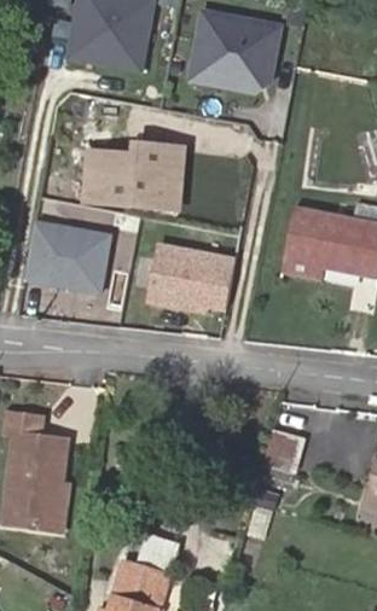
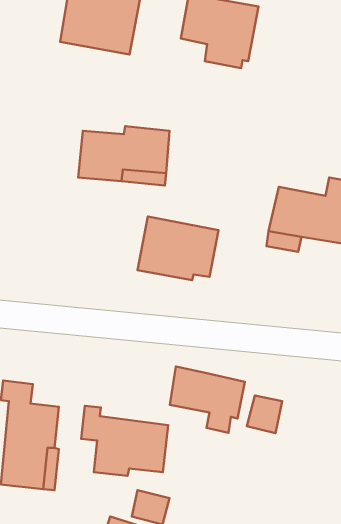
building: [28,219,112,290] -> none
building: none -> [170,367,245,433]
building: none -> [81,406,168,476]

